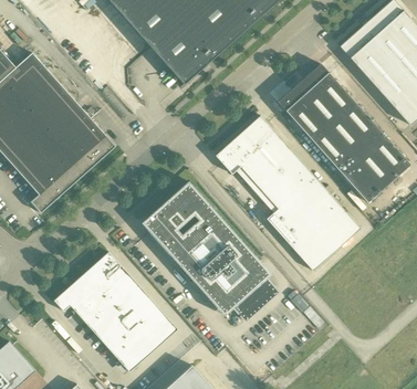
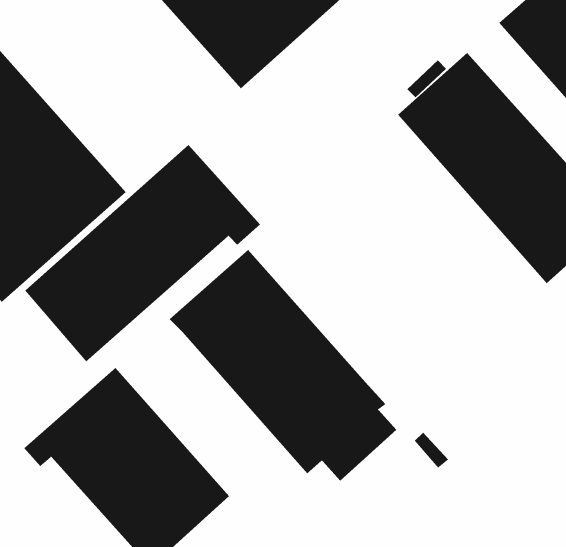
building: [215,115,361,271] -> none
building: none -> [25,144,261,362]

